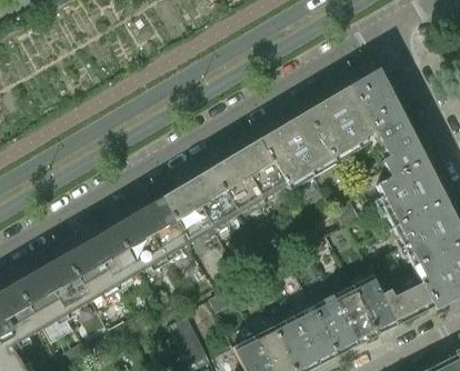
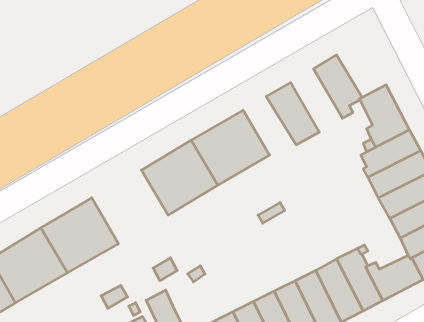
building: [352,71,400,127] -> none
building: [308,99,358,160] -> none
building: [262,126,313,185] -> none
building: [117,197,190,268] -> none

